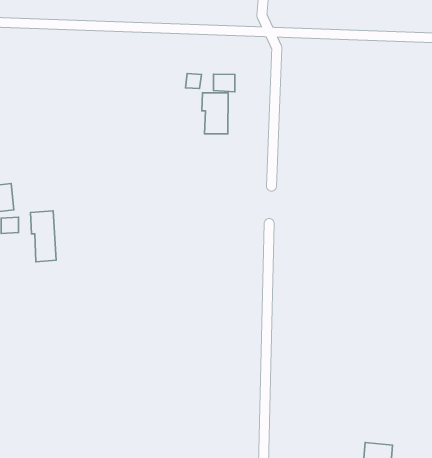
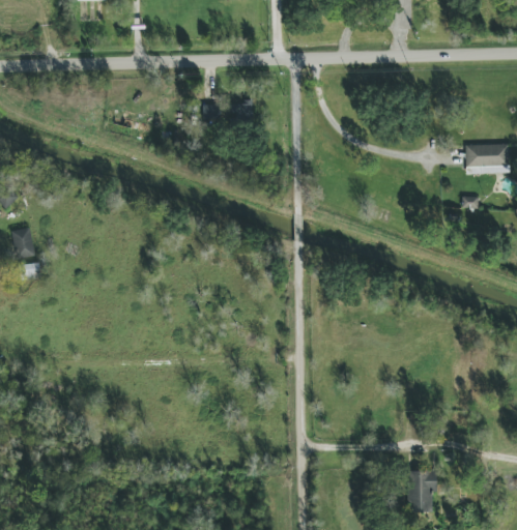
building: [202,93,228,134] -> none
building: [31,211,56,262] -> none

